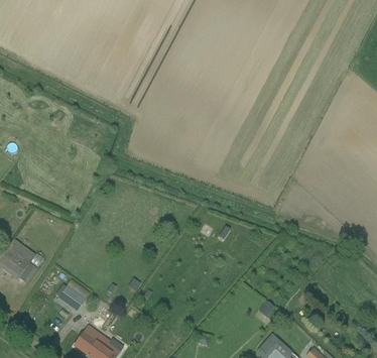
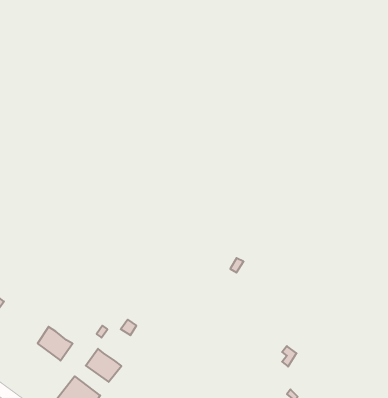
building: none -> [86,349,121,382]

